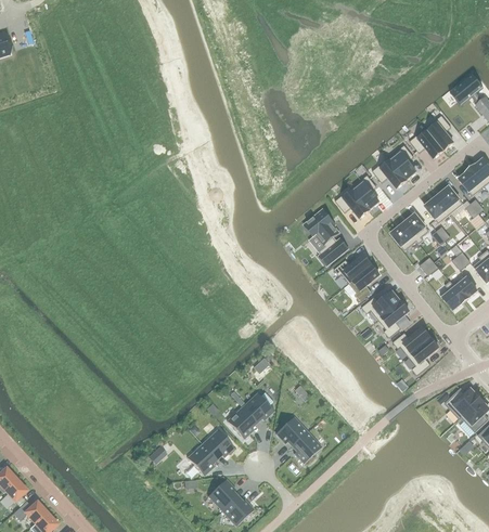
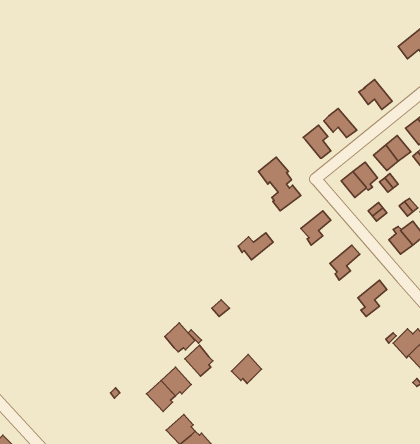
building: [425,114,453,150] -> none
building: [387,144,416,180] -> none
building: [335,190,369,218] -> none
building: [334,255,371,283] -> [238,233,273,260]
building: [361,290,401,320] -> none
building: [393,327,430,355] -> none
building: [242,391,273,421] -> [165,323,195,352]
building: [292,430,321,463] -> none

